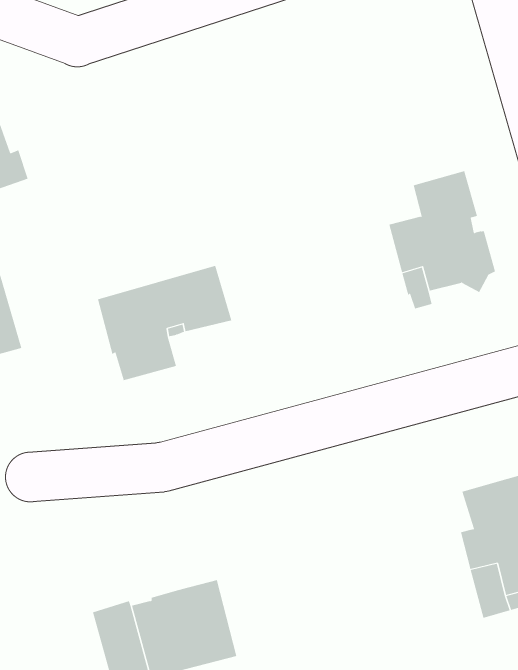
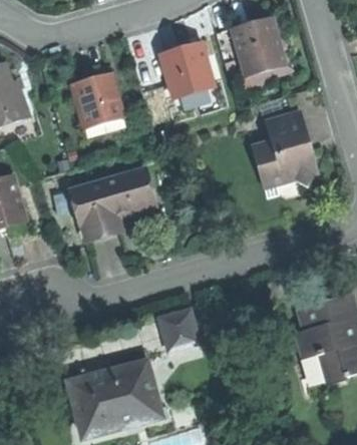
building: none -> [232,16,286,75]
building: none -> [161,49,214,97]
building: none -> [70,71,123,128]
building: none -> [160,311,197,349]

